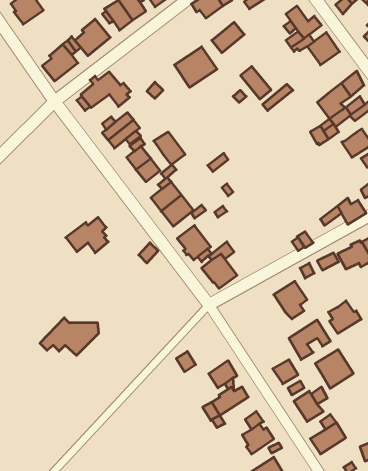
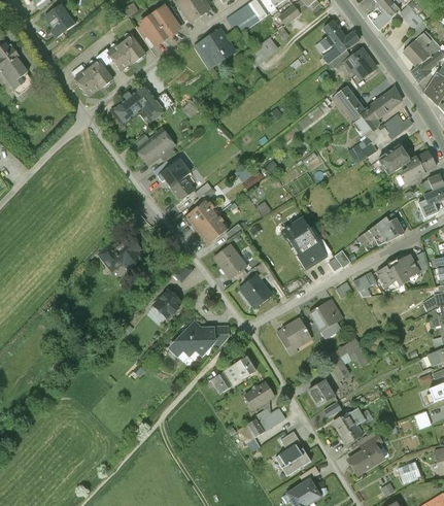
building: [174,47,217,87] -> [194,28,237,69]
building: [241,66,271,99] -> [335,86,366,119]
building: [154,132,185,165] -> none
building: none -> [283,216,326,270]
building: none -> [152,289,183,318]
building: none -> [276,318,313,356]
building: [328,301,361,333] -> none
building: [40,318,99,355] -> [170,321,230,359]
building: none -> [223,356,255,384]
building: [315,350,353,388] -> none

